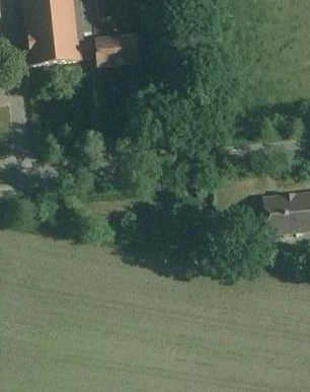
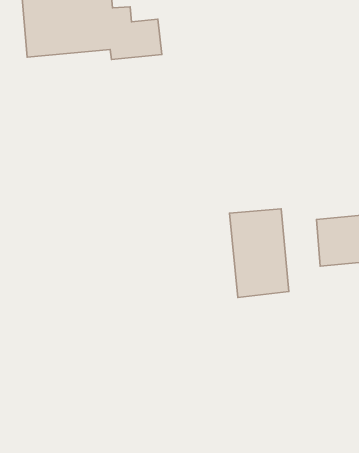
building: none -> [230,209,289,297]

